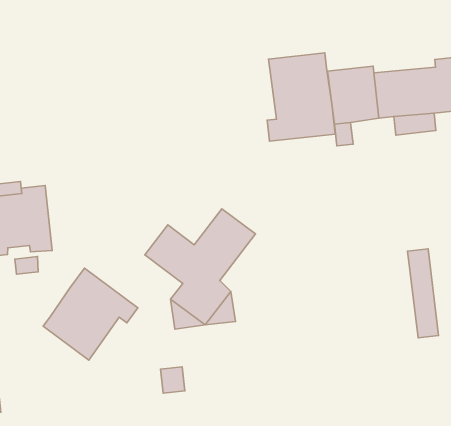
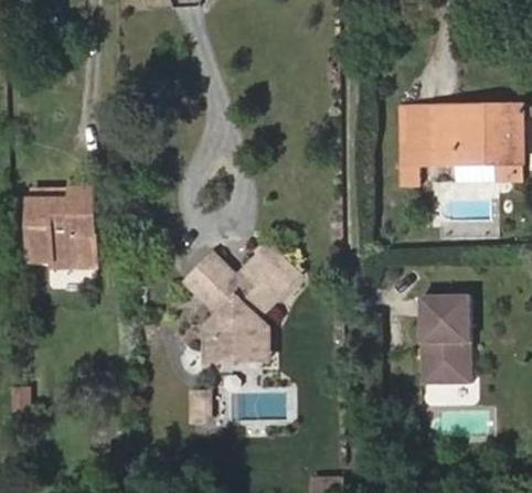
building: [267,53,335,141] -> none
building: none -> [421,299,451,387]
building: [43,268,138,360] -> none

